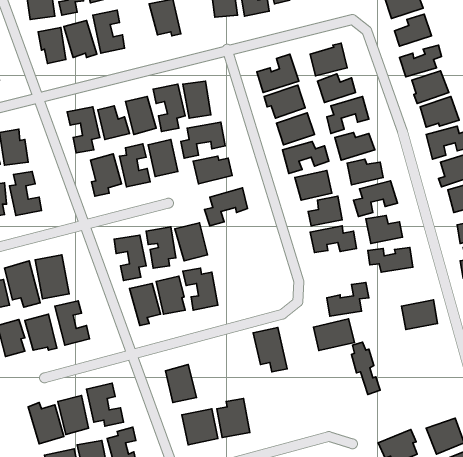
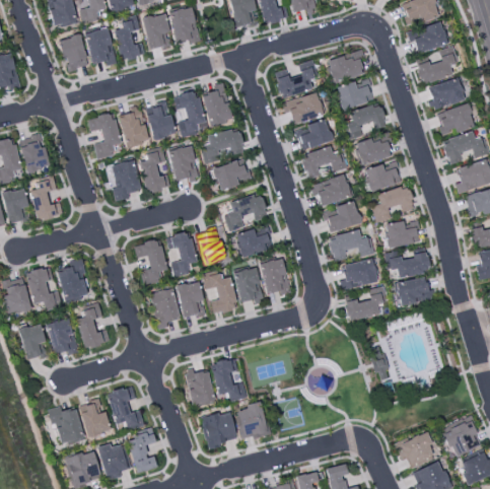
building: none -> [143,14,170,49]
building: none -> [236,230,272,257]
building: none -> [261,259,291,295]
building: none -> [235,268,264,303]
building: [402,300,438,330] -> [395,277,430,306]
building: [314,319,355,351] -> [339,259,379,290]
building: [253,328,287,372] -> [212,358,246,402]

